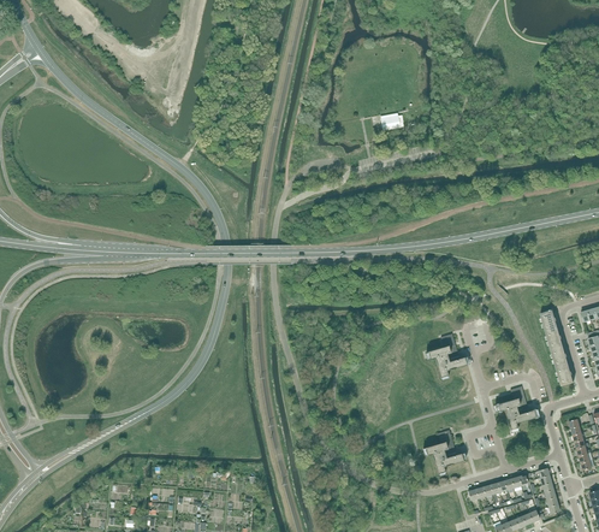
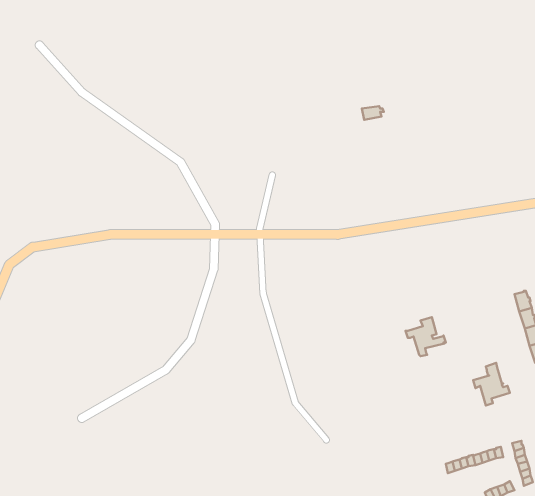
building: [423,433,464,474] -> none

